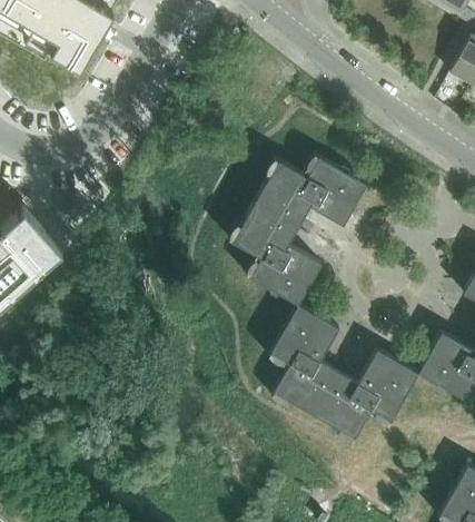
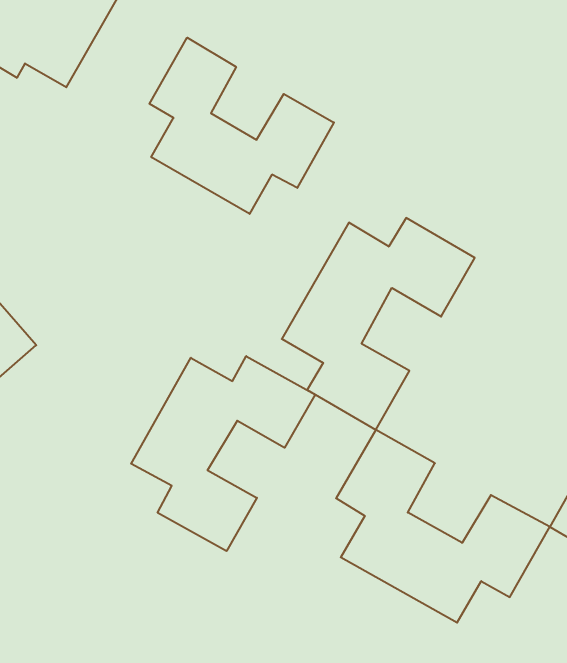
building: none -> [149,38,334,214]
building: none -> [131,356,315,551]

